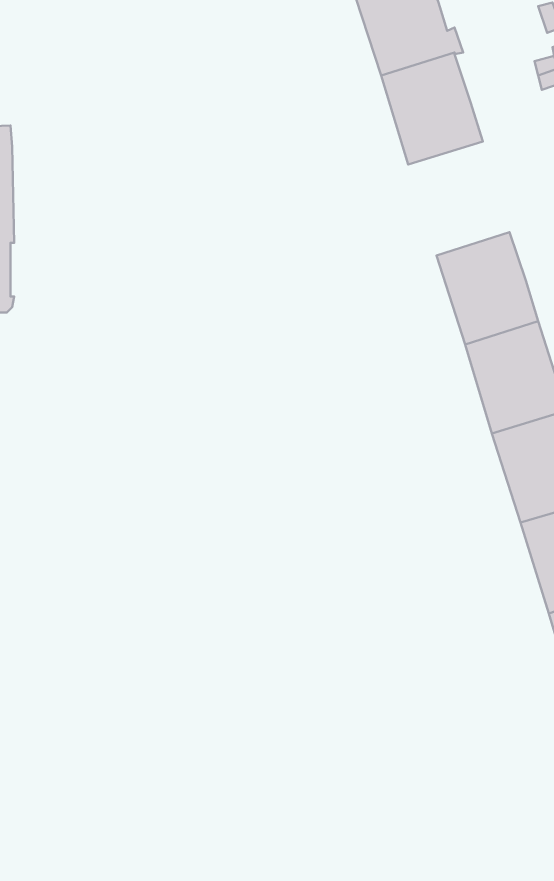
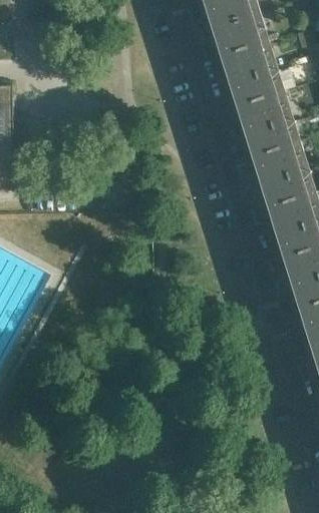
building: none -> [234,87,291,151]

